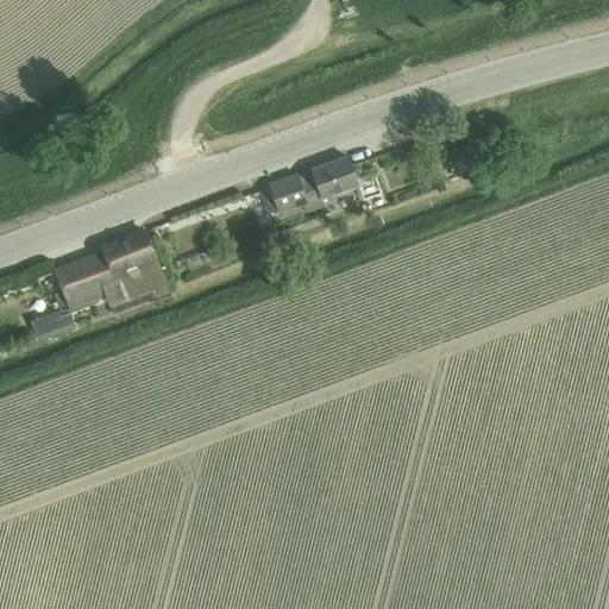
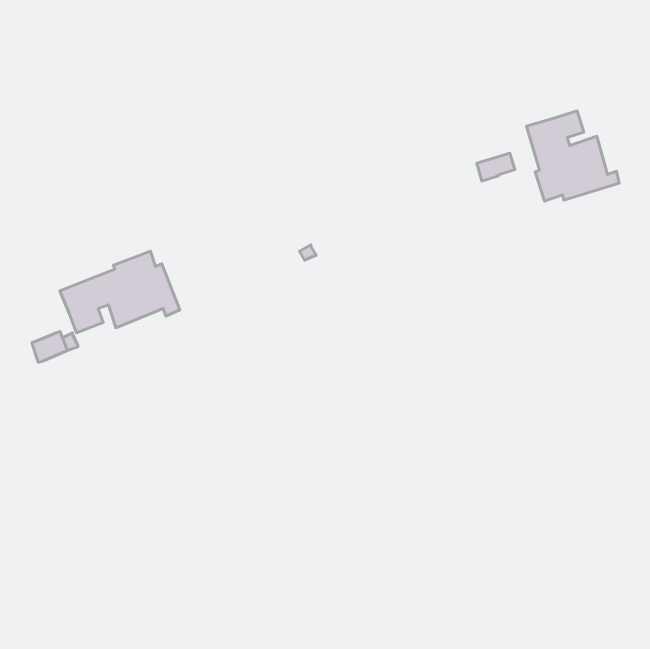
building: none -> [526,111,619,201]
building: [260,156,364,212] -> none

